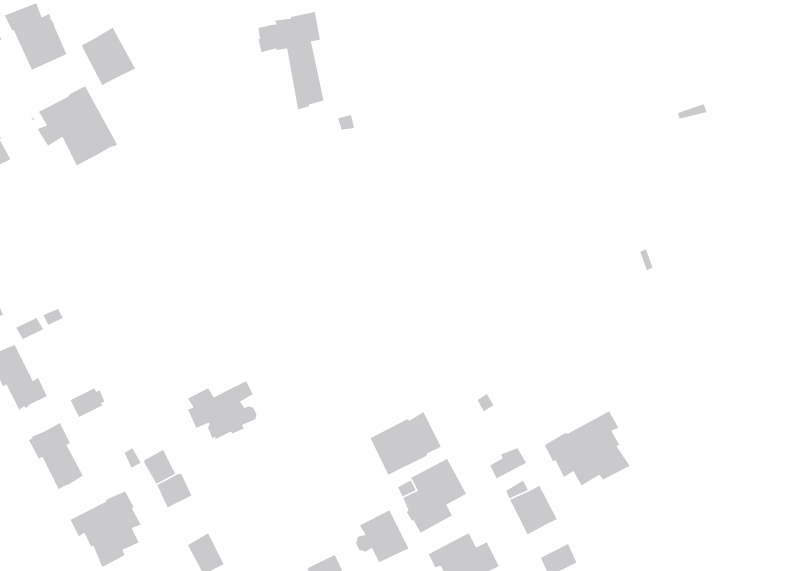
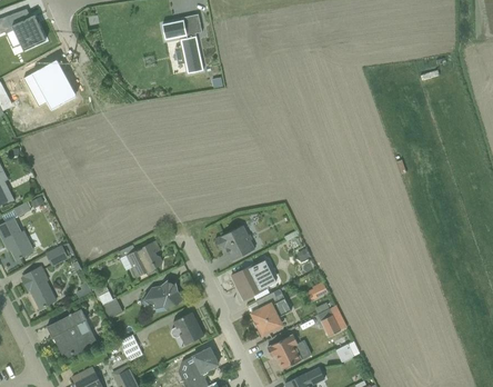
building: [81,27,136,86] -> none
building: none -> [214,226,254,260]
building: [544,410,631,487] -> none
building: none -> [142,278,184,311]
building: [355,509,410,563] -> [170,311,203,345]

